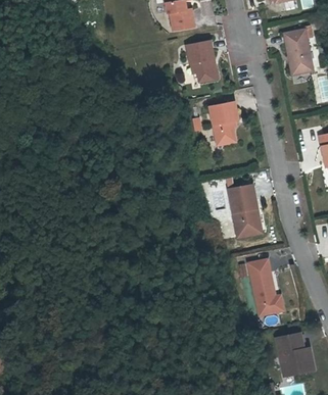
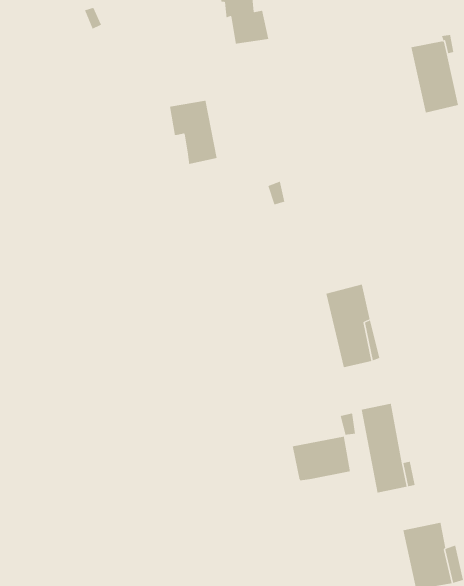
building: [185,42,216,83] -> [169,100,218,165]
building: [207,101,236,145] -> none
building: none -> [292,436,350,481]

